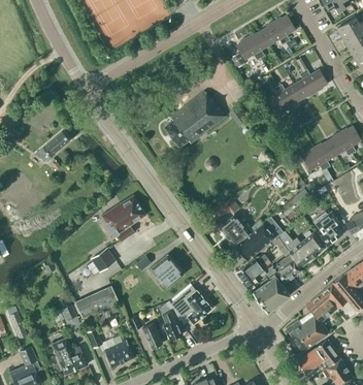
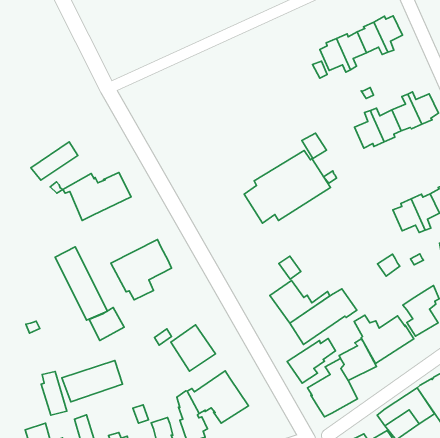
building: [164,91,226,147] -> [244,151,330,223]
building: none -> [63,172,131,220]
building: none -> [55,247,108,320]

